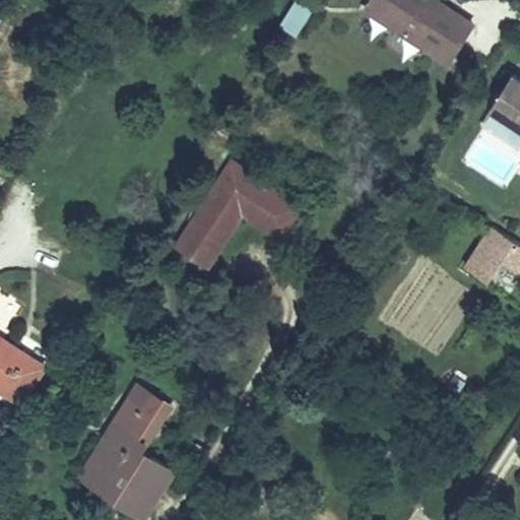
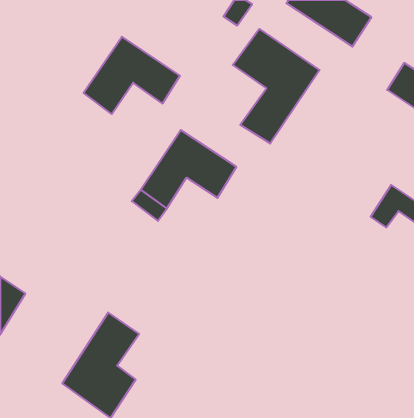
building: none -> [233,29,320,144]
building: none -> [84,37,180,114]

